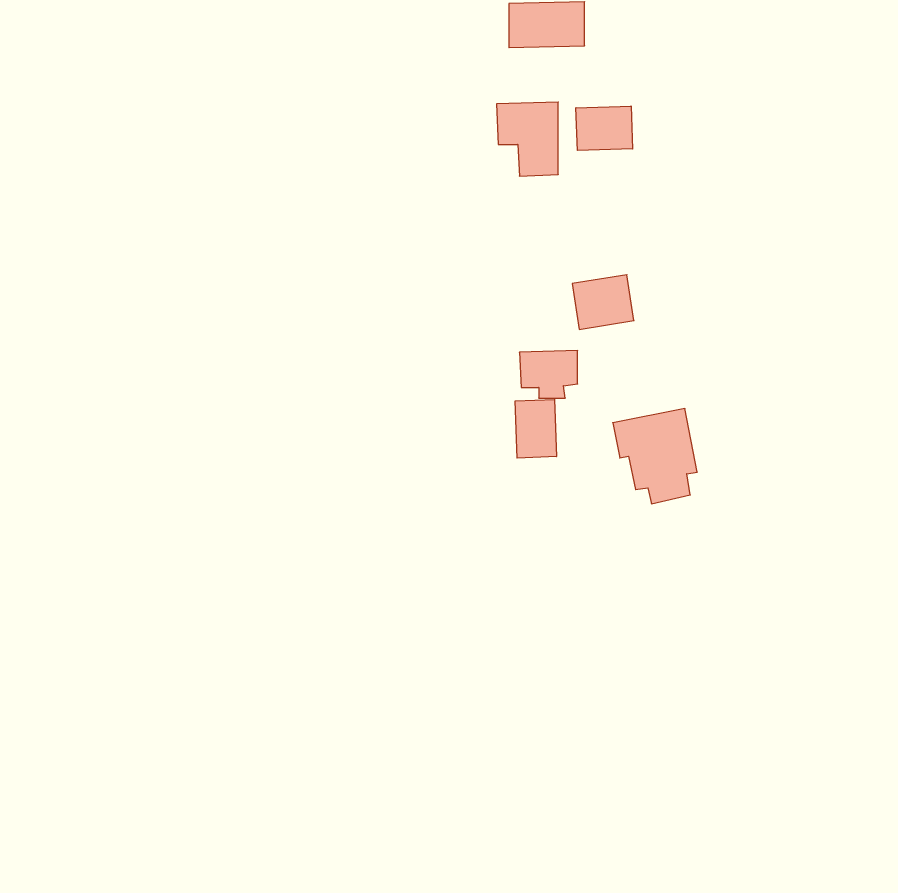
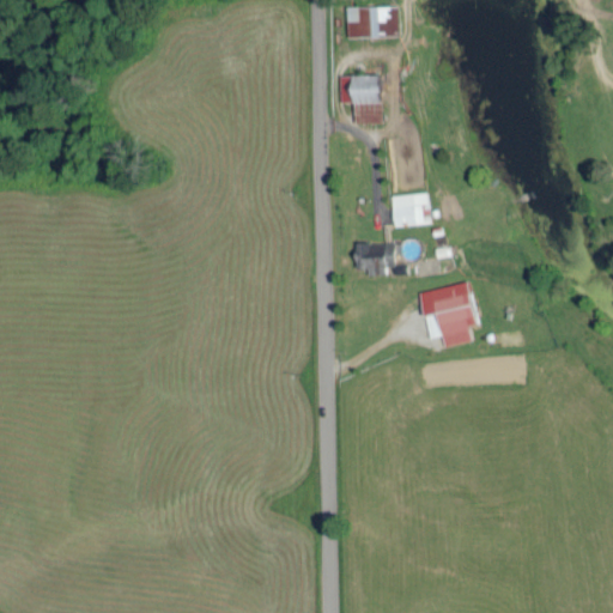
building: [576,106,633,150] -> none
building: [515,399,556,458] -> none

